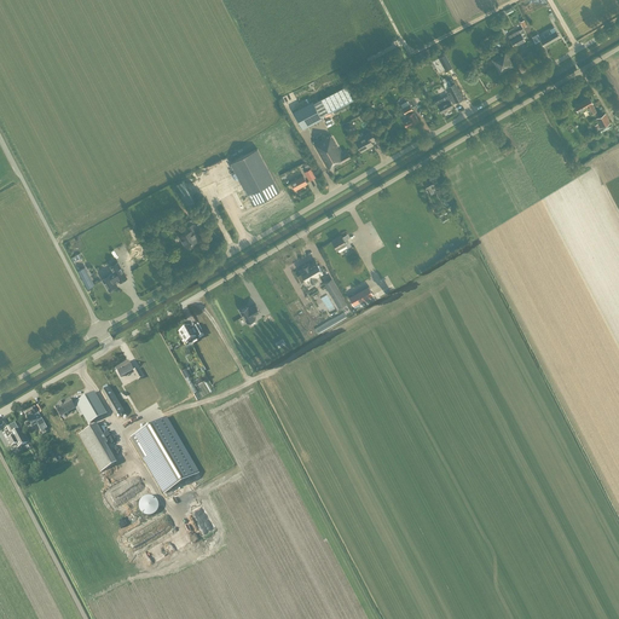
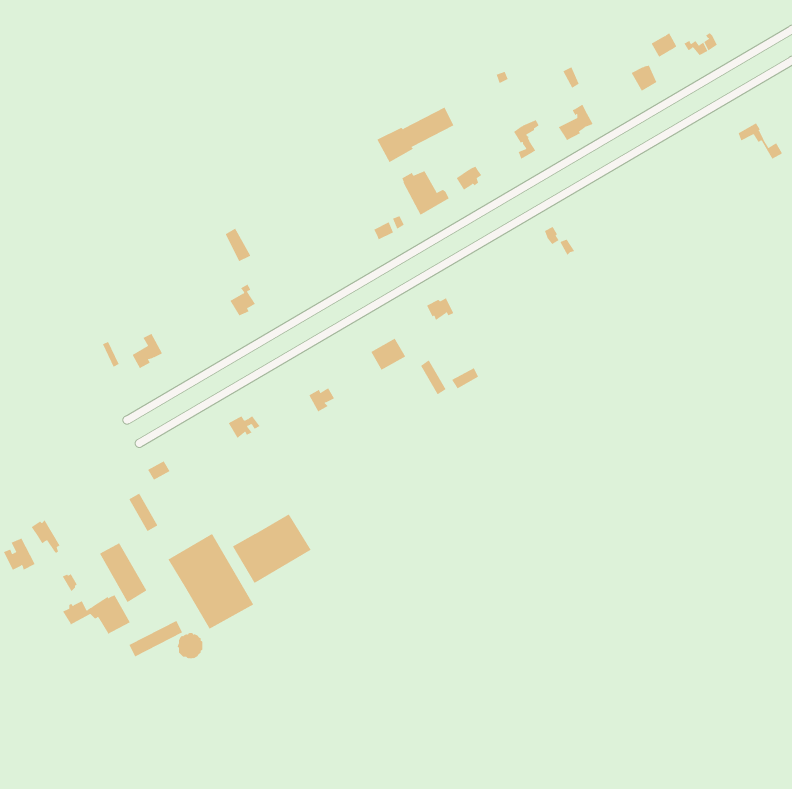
building: [231,146,280,203] -> none
building: [53,391,106,422] -> [62,594,130,635]
building: none -> [232,514,312,584]

